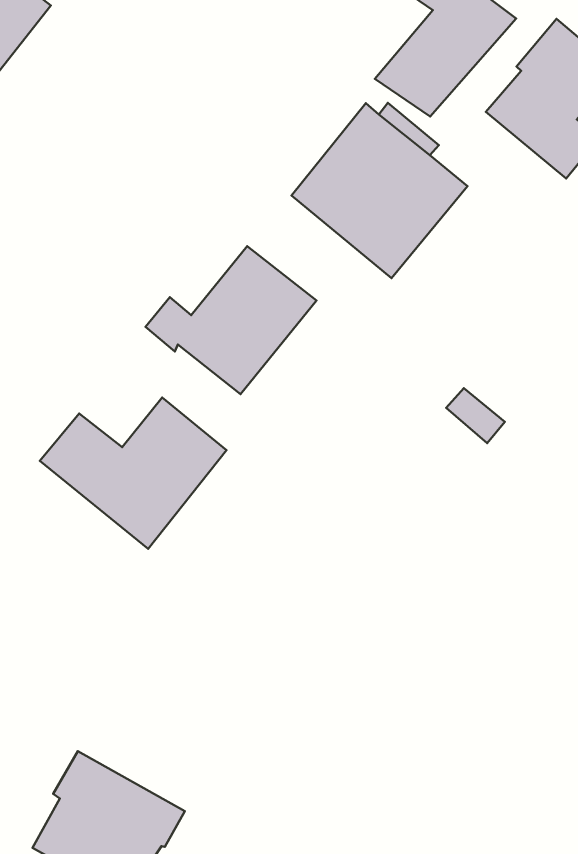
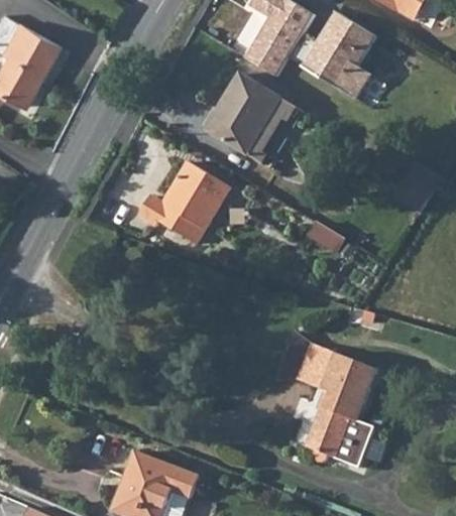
building: [40,397,226,549] -> none
building: none -> [295,342,375,467]

